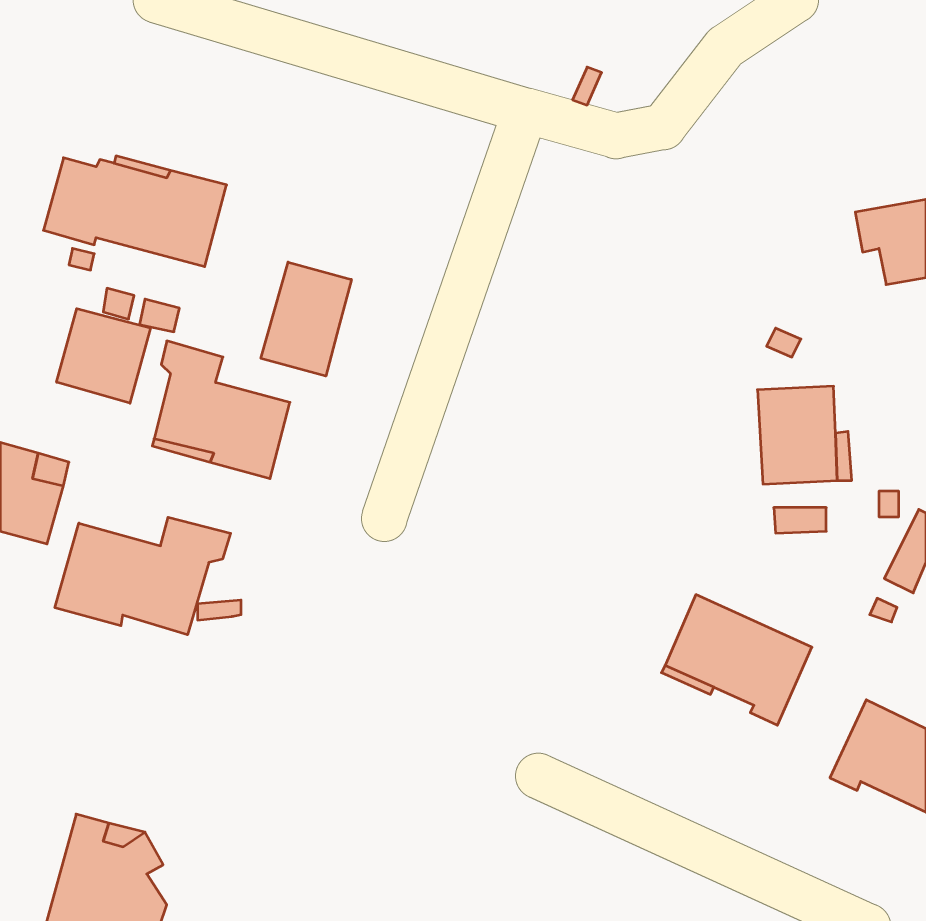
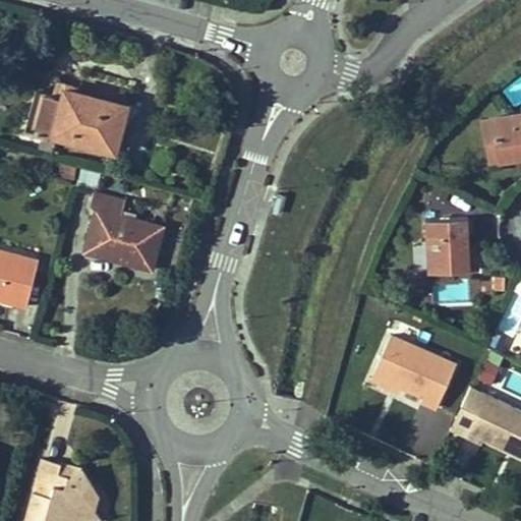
building: [261,262,351,376] -> none
building: [57,309,150,403] -> none
building: [55,517,231,635] -> none

